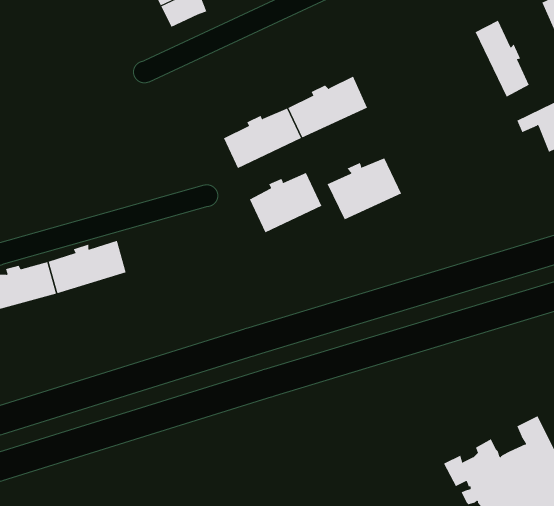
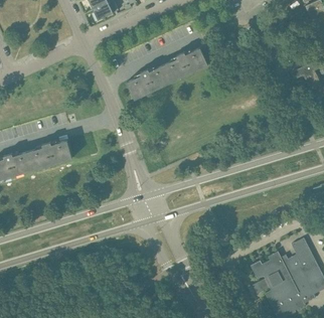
building: [475,20,530,97] -> none
building: [327,157,402,220] -> none
building: [249,172,322,233] -> none

